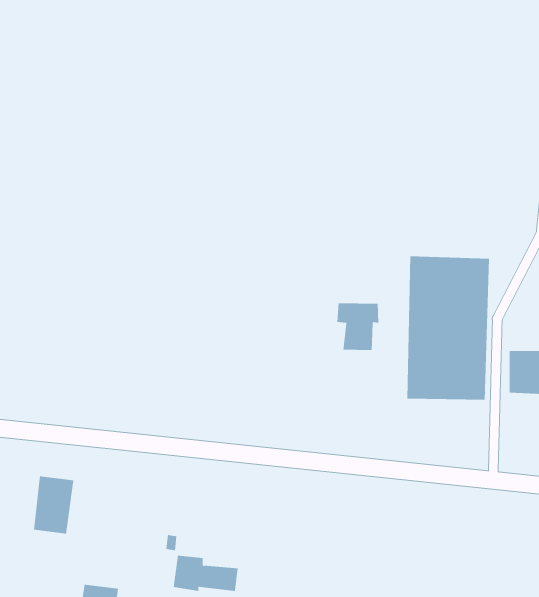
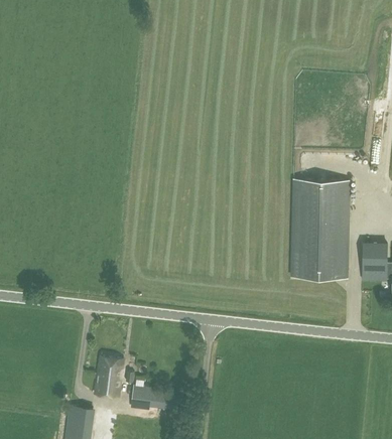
building: [337,302,379,351] -> none
building: [33,476,74,534] -> [95,355,123,396]

